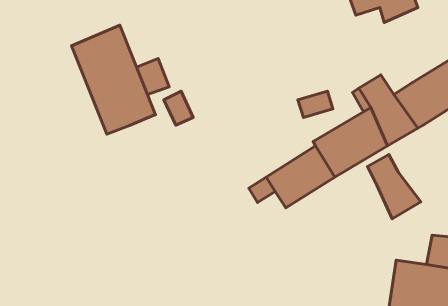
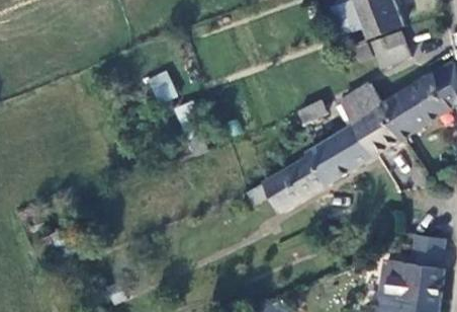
building: none -> [373,29,414,68]
building: [71,25,155,134] -> none
building: [368,155,421,219] -> none

